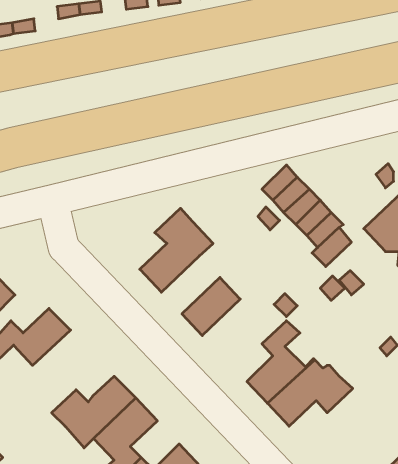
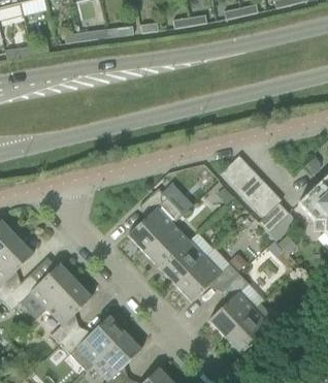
building: none -> [144,223,189,267]
building: none -> [175,256,239,300]
building: none -> [46,280,92,343]

